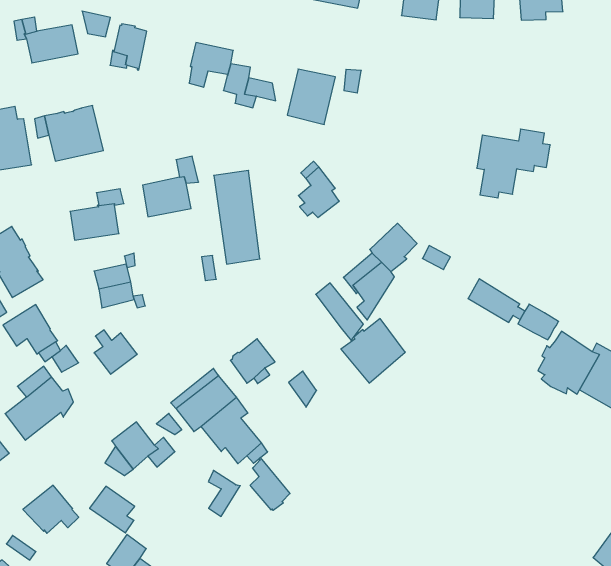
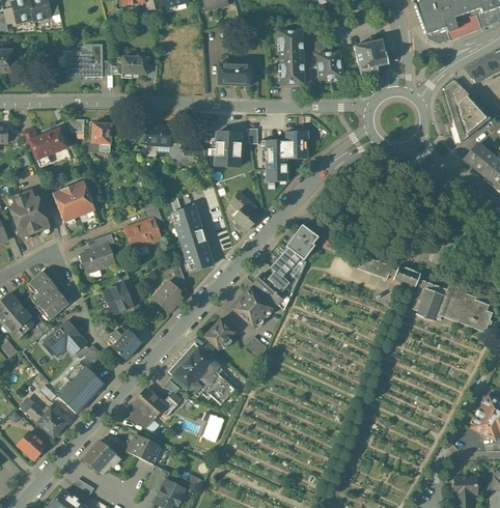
building: [477,129,550,198] -> [261,132,308,180]
building: none -> [152,280,182,312]
building: [341,319,405,383] -> [231,282,275,327]
building: [250,458,290,510] -> none

